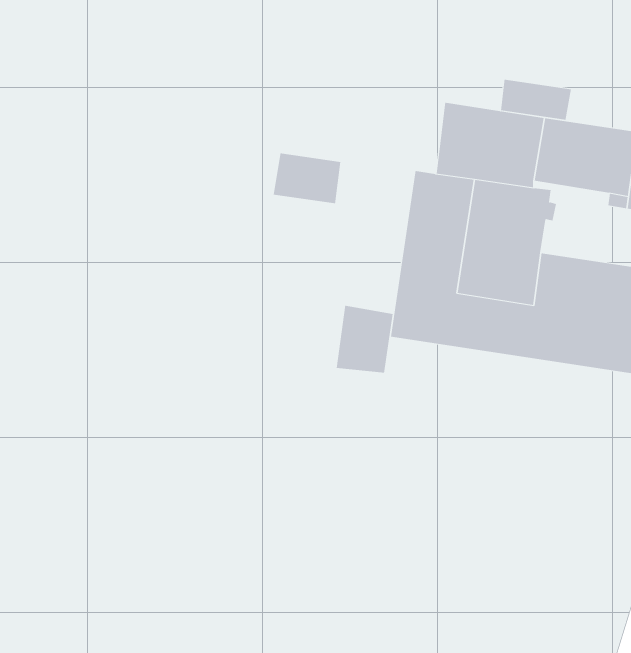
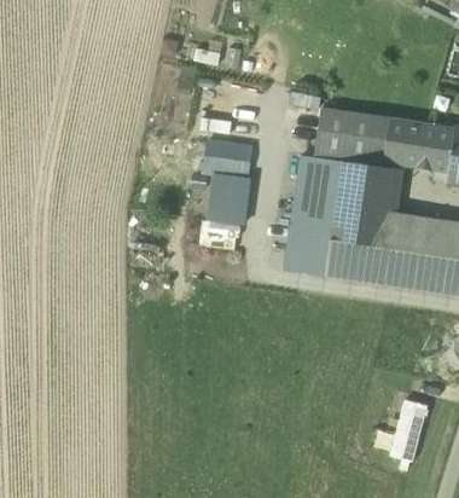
building: [500,79,571,121] -> none
building: [336,305,394,373] -> [208,176,248,224]
building: none -> [390,398,429,461]

